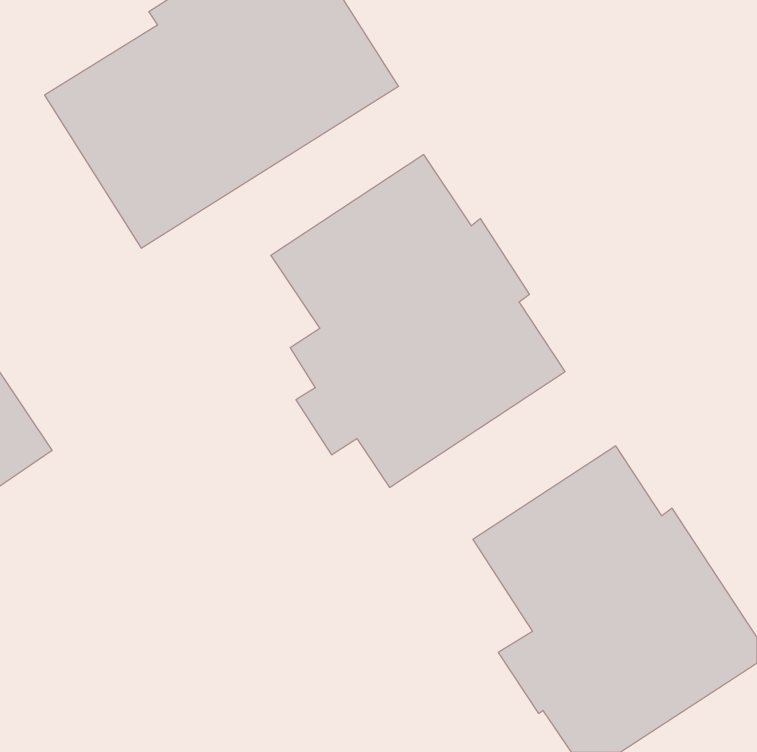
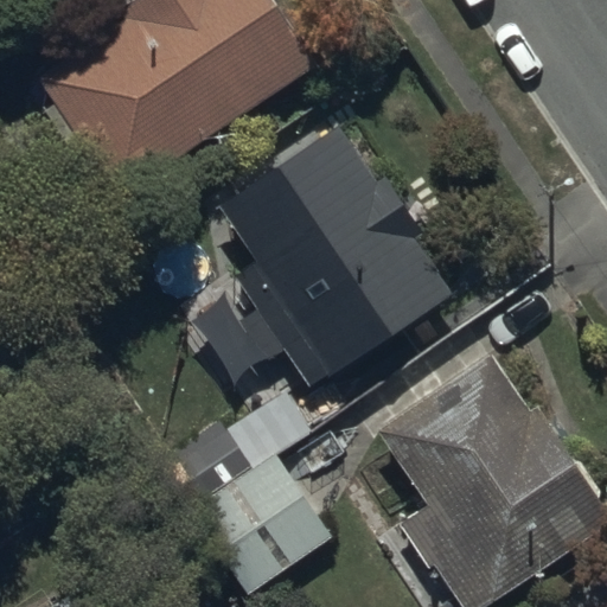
building: none -> [179,391,327,589]

